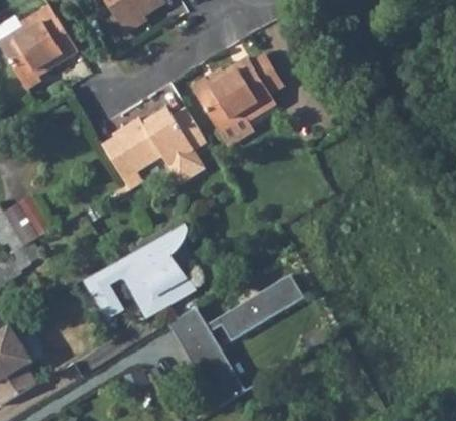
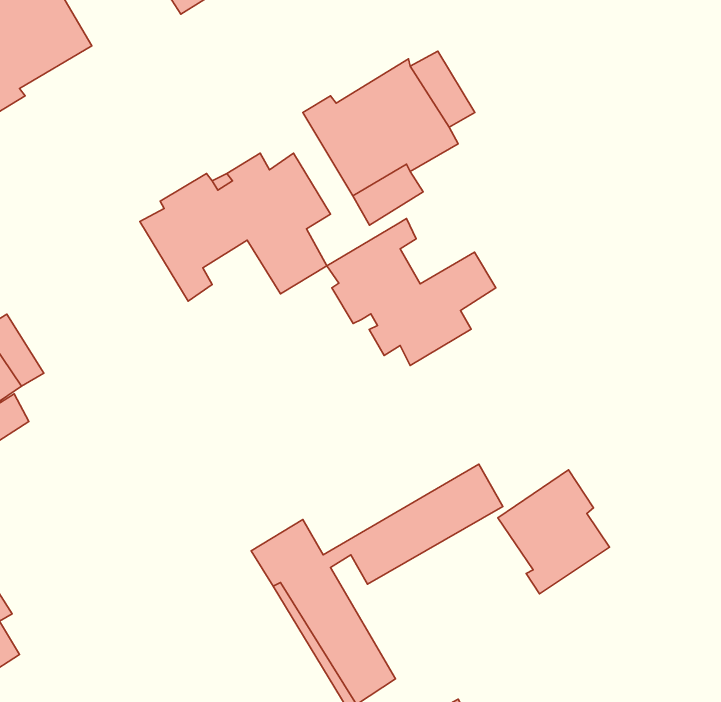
building: none -> [327,219,496,366]
building: [84,224,196,318] -> none
building: none -> [498,470,609,594]

